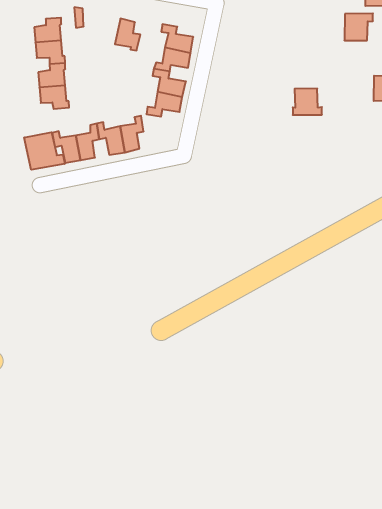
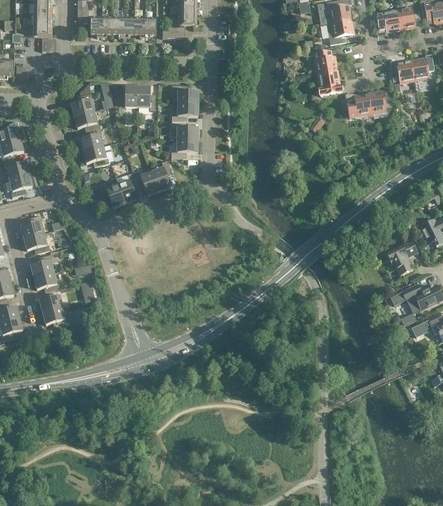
building: none -> [113,85,137,107]
building: [293,89,322,115] -> [317,70,342,94]
building: [24,132,65,170] -> none

